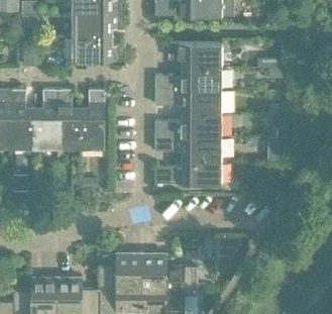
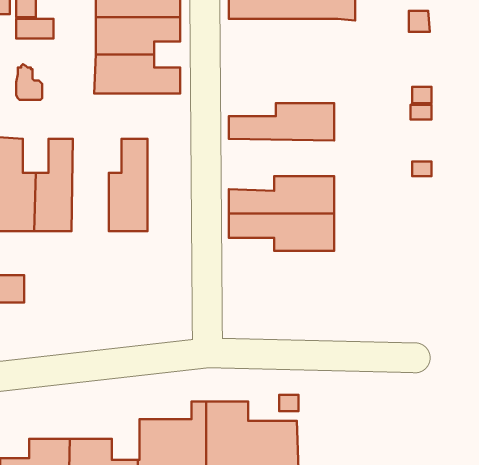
building: [169,44,221,69] -> none
building: [57,91,80,148] -> none
building: [154,91,220,114] -> none
building: [154,161,220,185] -> none

